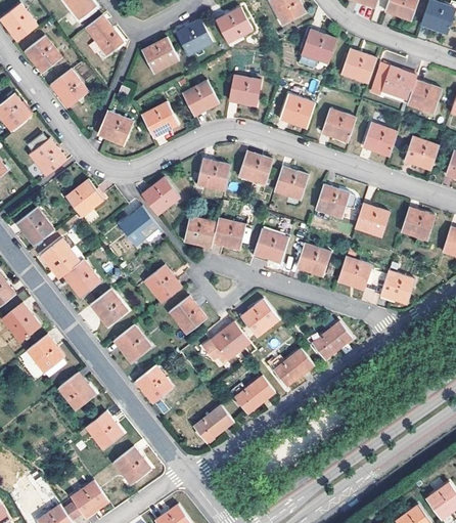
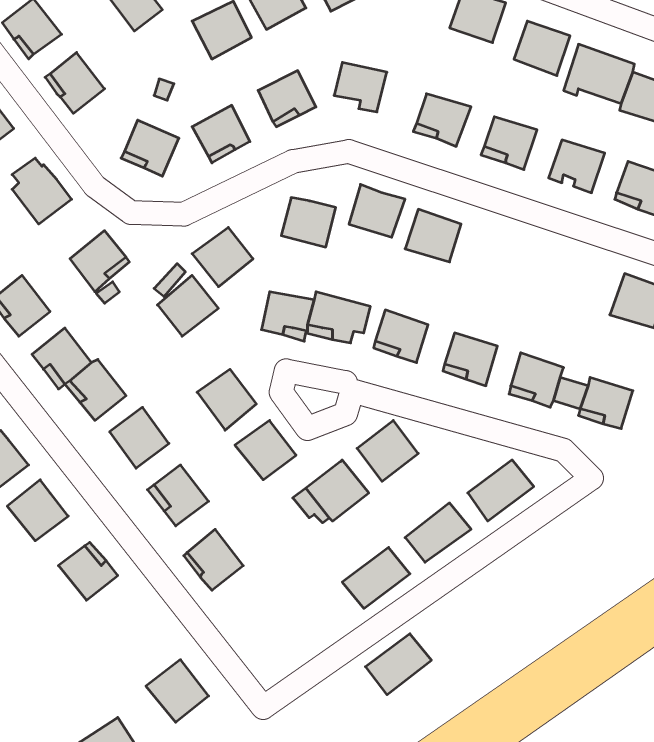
building: [315,183,350,216] -> none
building: [354,202,389,235] -> none
building: [193,404,234,442] -> [365,634,431,695]
building: [86,411,123,448] -> none

